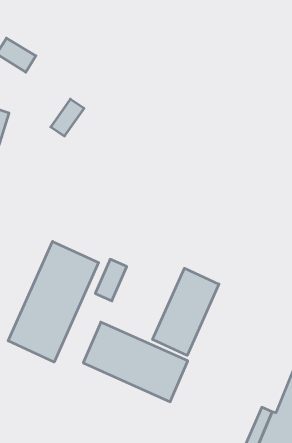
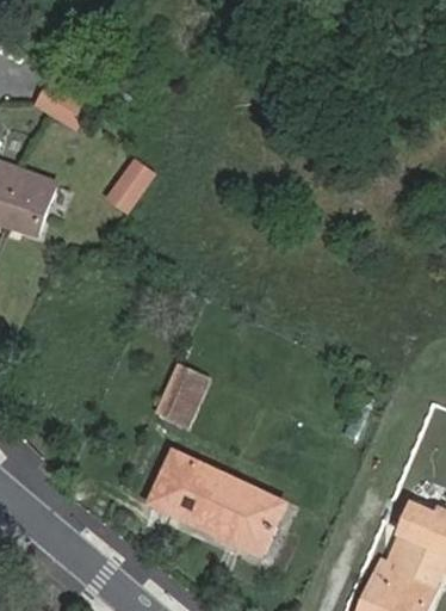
building: [8,241,99,362] -> none
building: [153,268,219,355] -> none

